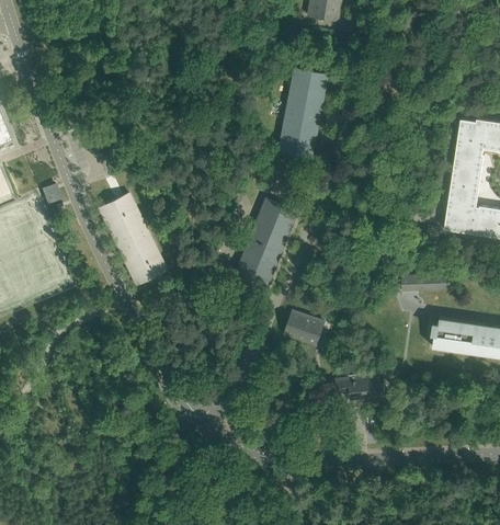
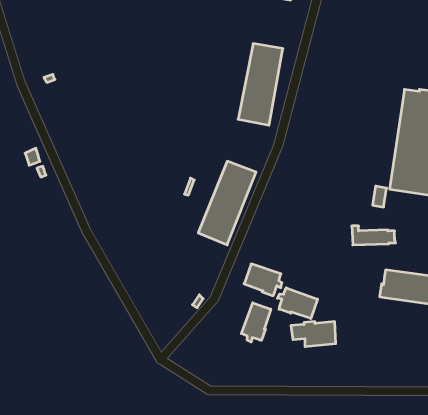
building: [98,193,167,285] -> none
building: none -> [277,288,318,319]
building: none -> [241,303,271,342]

